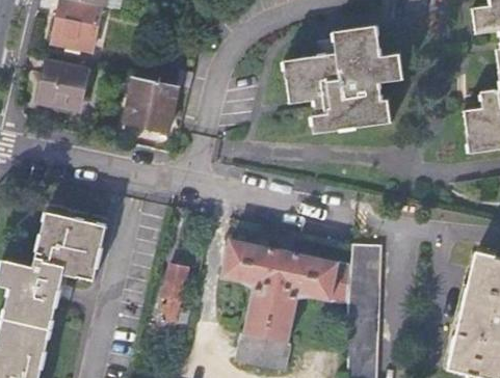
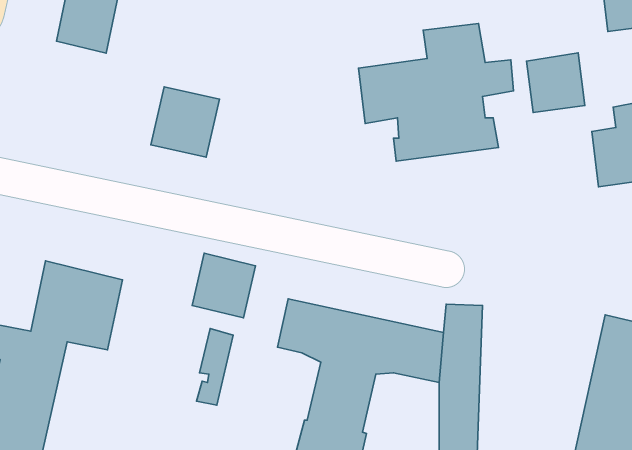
building: none -> [526,53,585,113]
building: [38,58,88,109] -> none
building: none -> [192,253,256,318]

